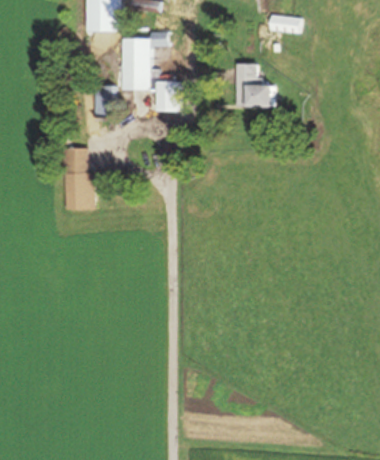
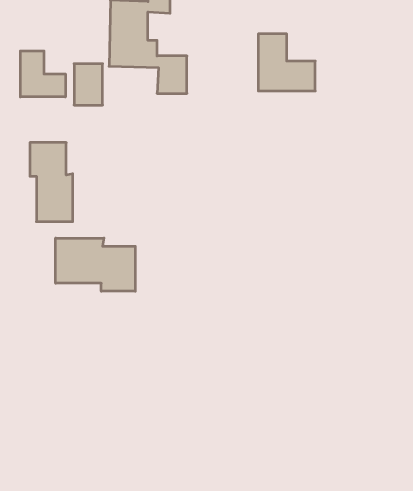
building: none -> [20,51,65,97]
building: none -> [56,238,135,291]

